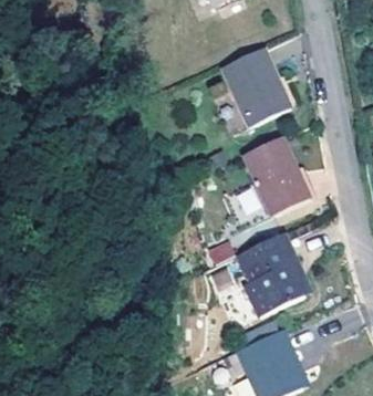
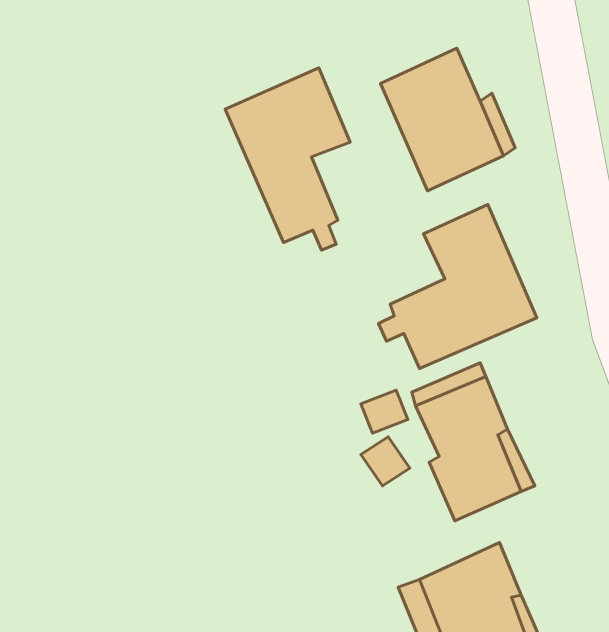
building: none -> [225,68,350,250]

